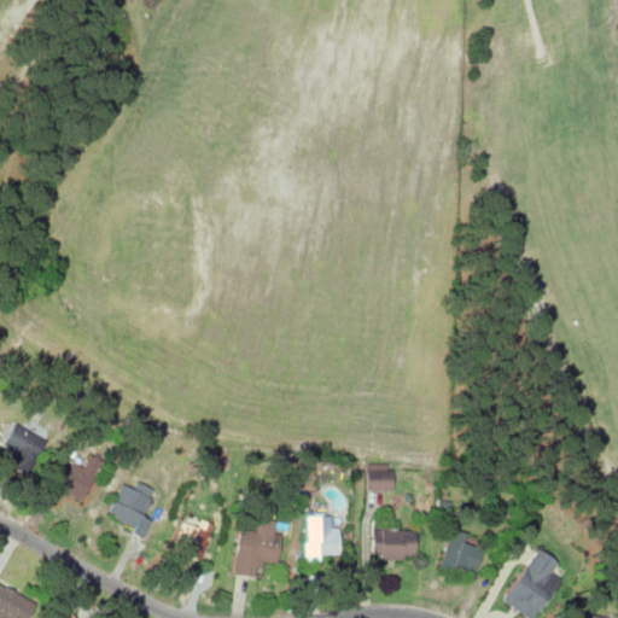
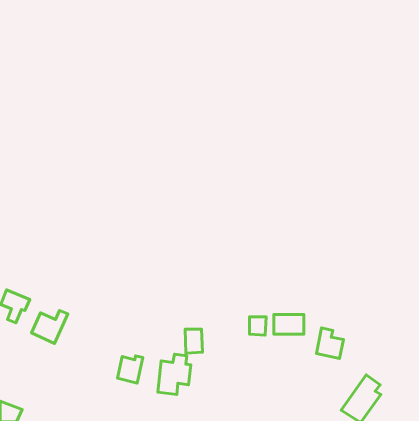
building: [110,483,156,538] -> none
building: [310,517,336,552] -> [185,329,202,353]
building: [374,530,418,559] -> [274,314,304,334]
building: [444,530,484,575] -> [316,328,344,358]

